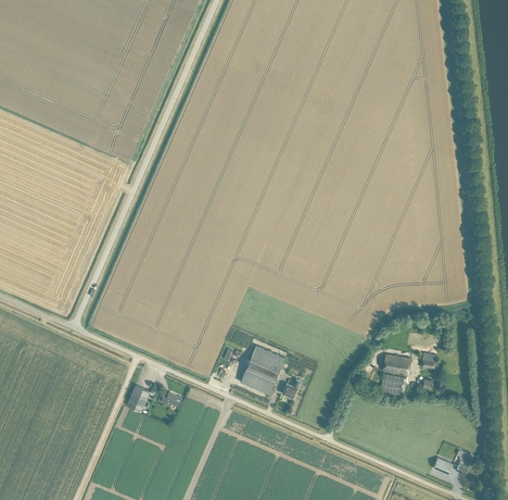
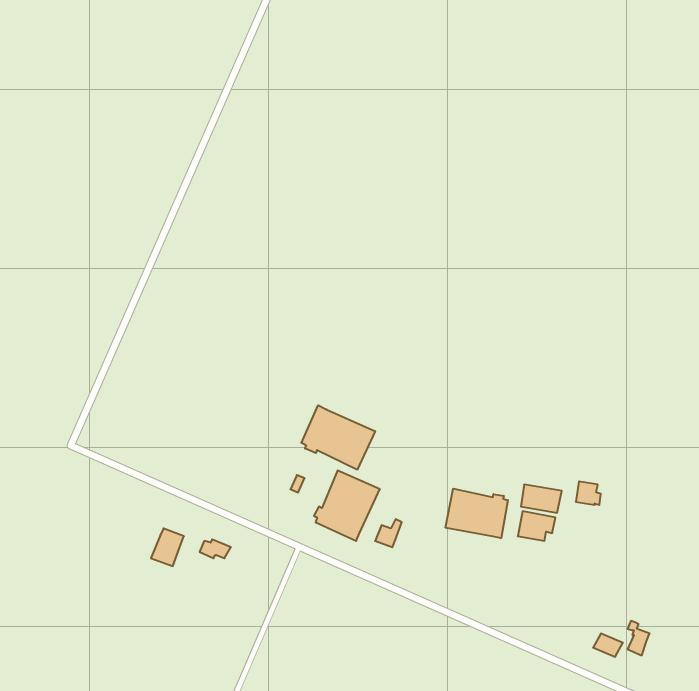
building: none -> [301,405,375,470]
building: none -> [446,489,508,538]

